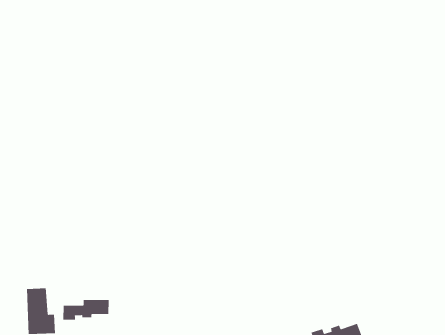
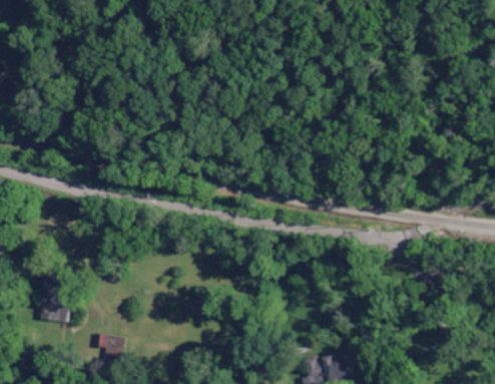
building: [63,299,109,321] -> none

